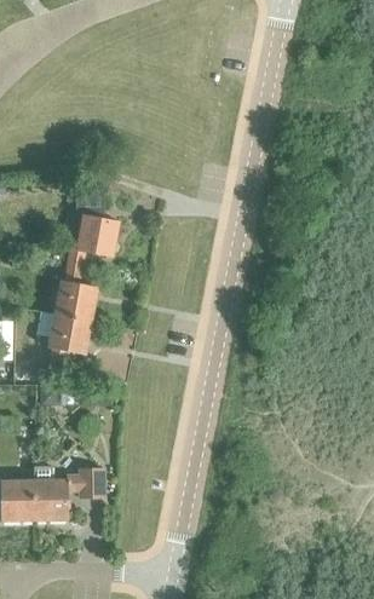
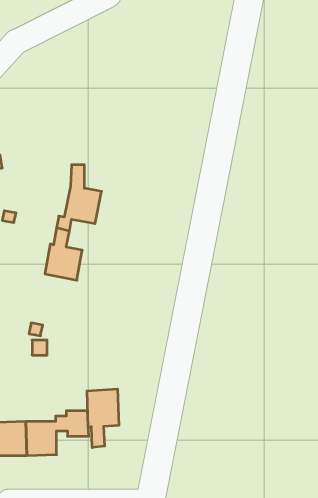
building: [48,313,91,364] -> none
building: none -> [87,389,119,448]

